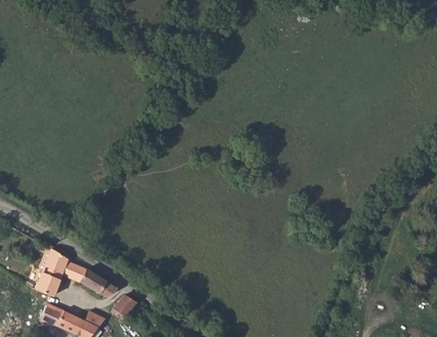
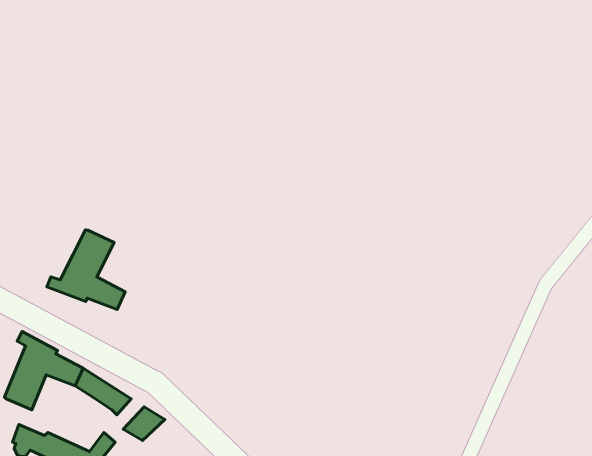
building: none -> [47,230,125,310]

